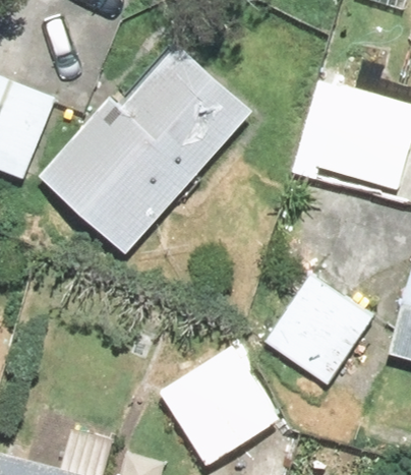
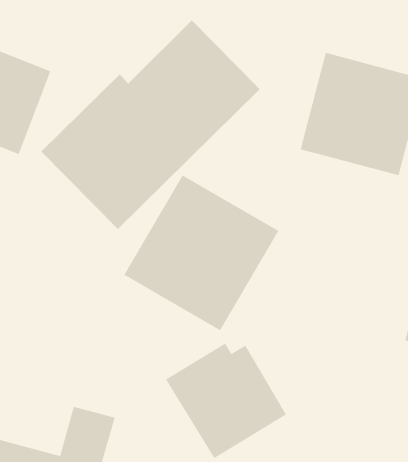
building: none -> [123,175,279,331]
building: [269,275,373,382] -> none

